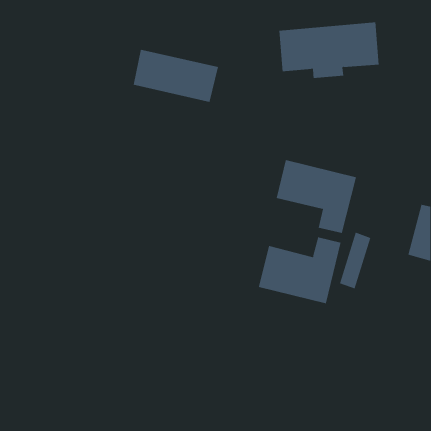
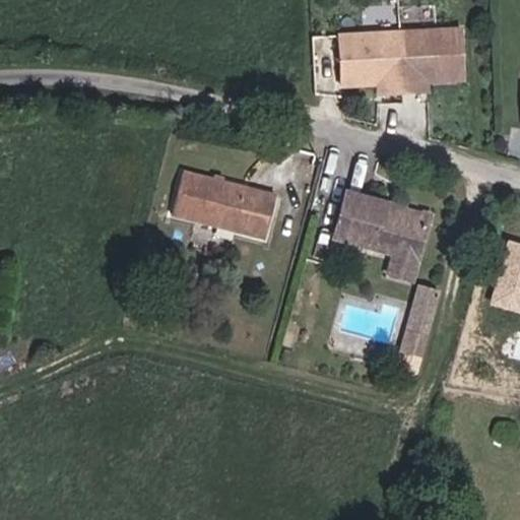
building: [133,49,219,102] -> [176,173,279,237]
building: [258,236,341,304] -> none

